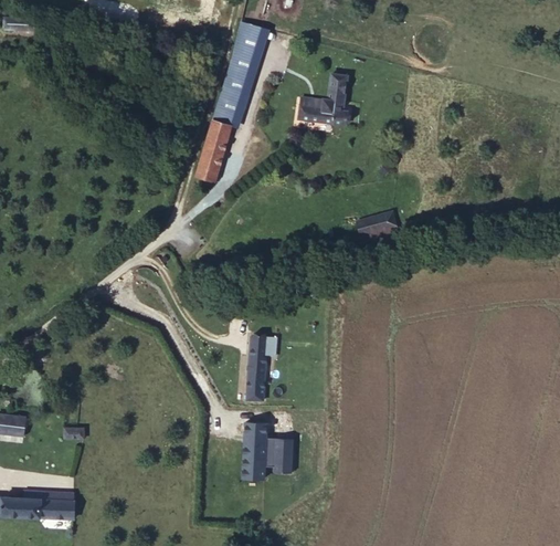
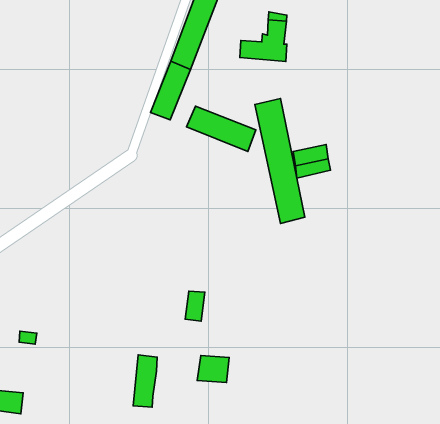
building: none -> [255,99,305,223]
building: none -> [187,106,256,151]
building: [247,340,267,372] -> none
building: [242,426,265,482] -> [133,355,157,407]

